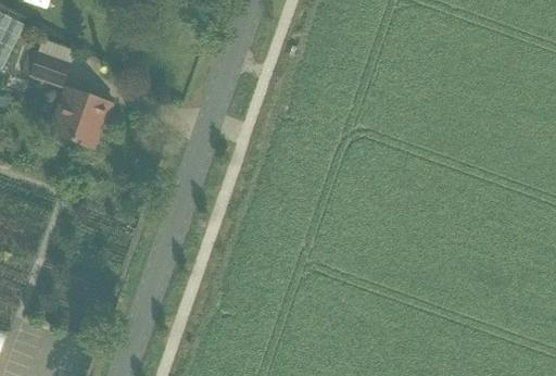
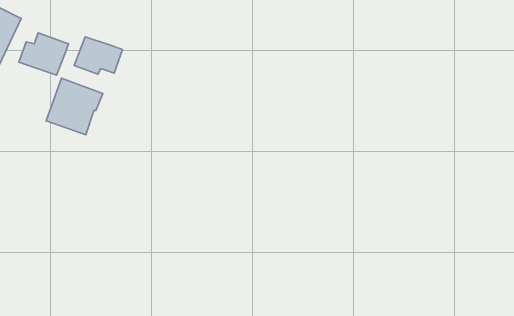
building: none -> [74,37,122,74]

